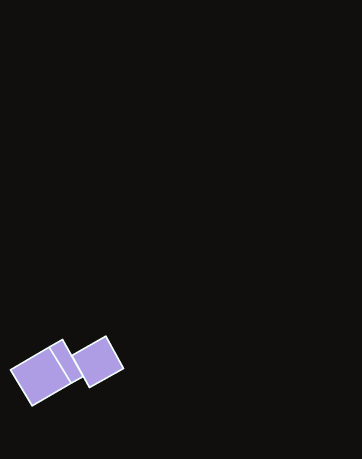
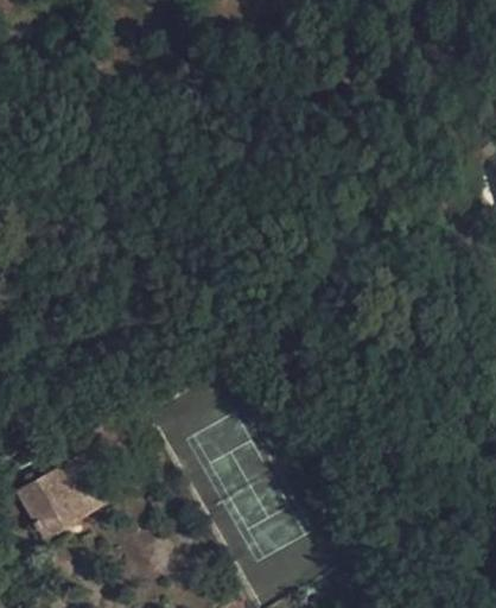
building: [72,336,123,388] -> none

